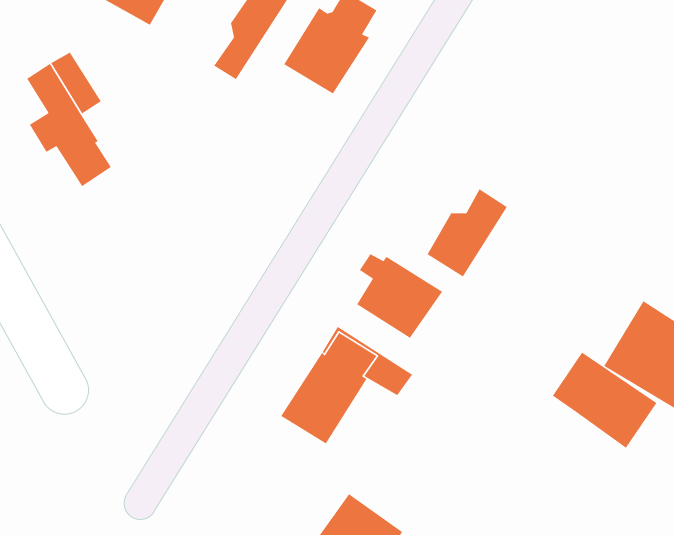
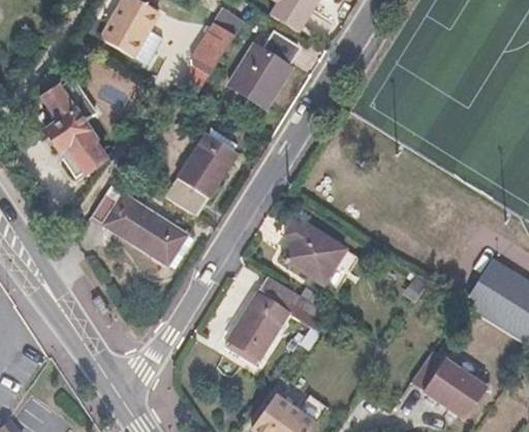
building: none -> [165,128,238,215]
building: [426,188,508,278] -> none
building: none -> [90,186,187,266]
building: [552,351,658,449] -> [410,350,487,421]

